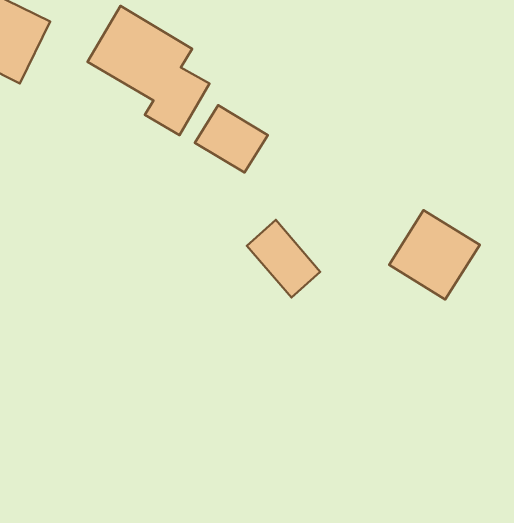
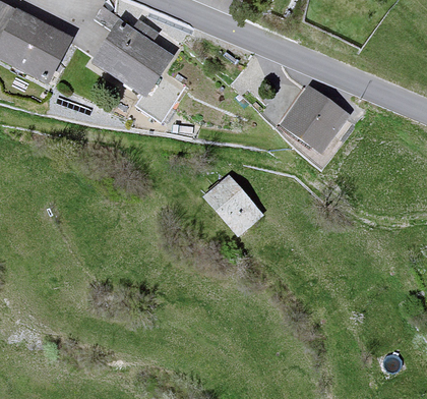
building: [195,105,268,173] -> none
building: [389,210,480,299] -> [284,89,348,152]

